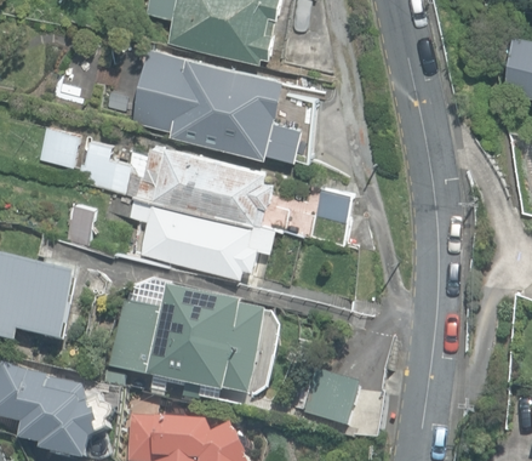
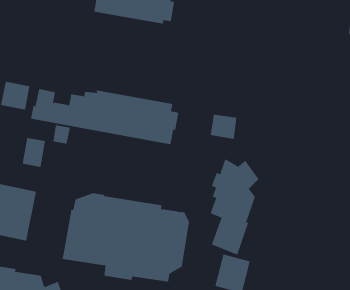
building: [128,45,299,155] -> none
building: [127,192,274,275] -> none
building: none -> [210,158,259,255]

